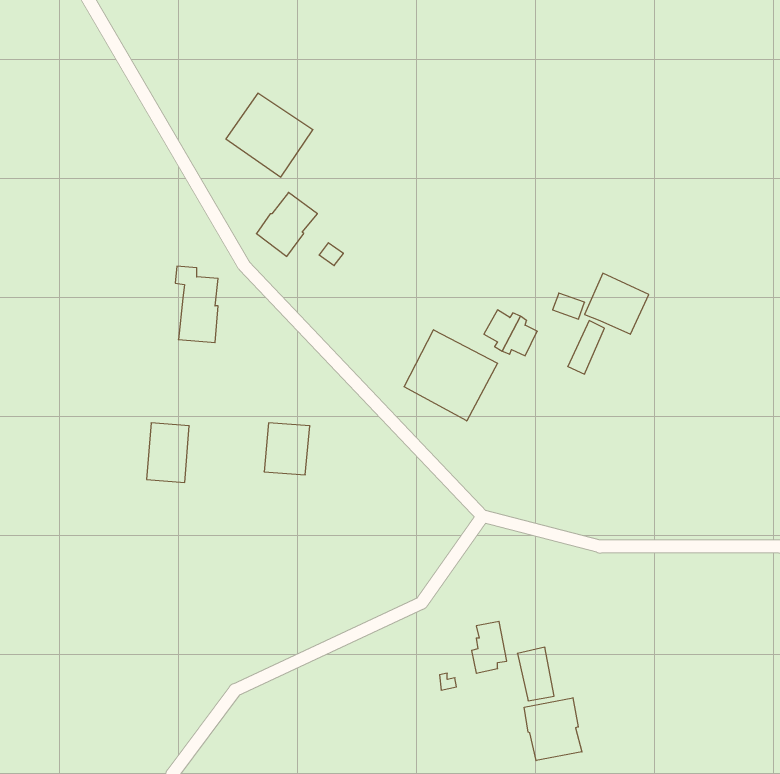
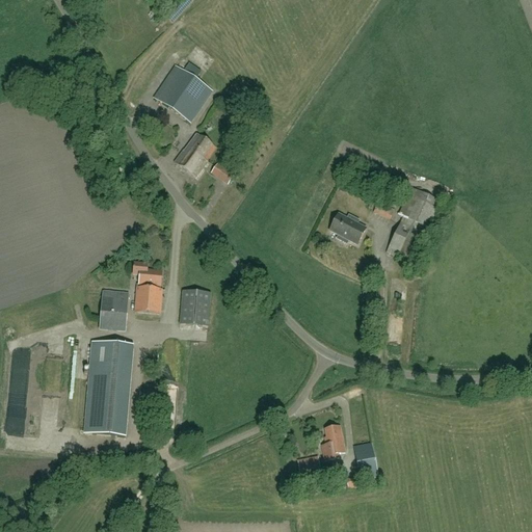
building: [175,266,218,343] -> [133,260,162,312]
building: [404,330,498,421] -> none
building: none -> [85,339,134,434]
building: [524,698,582,761] -> none

